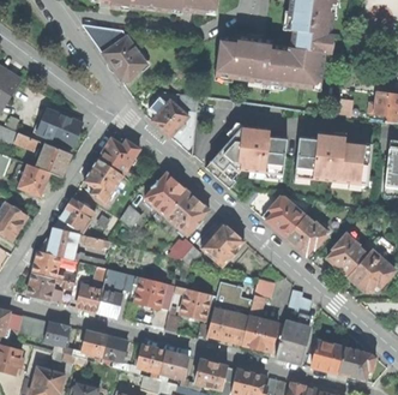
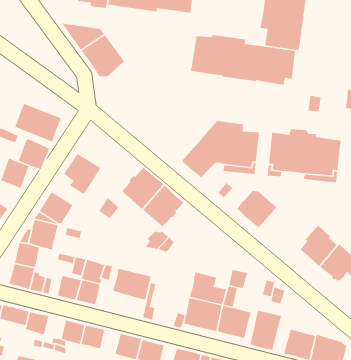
building: [152,100,188,137] -> none
building: [98,138,140,174] -> none
building: [285,215,327,255] -> none
building: [201,222,245,265] -> none
building: [180,288,213,321] -> none

